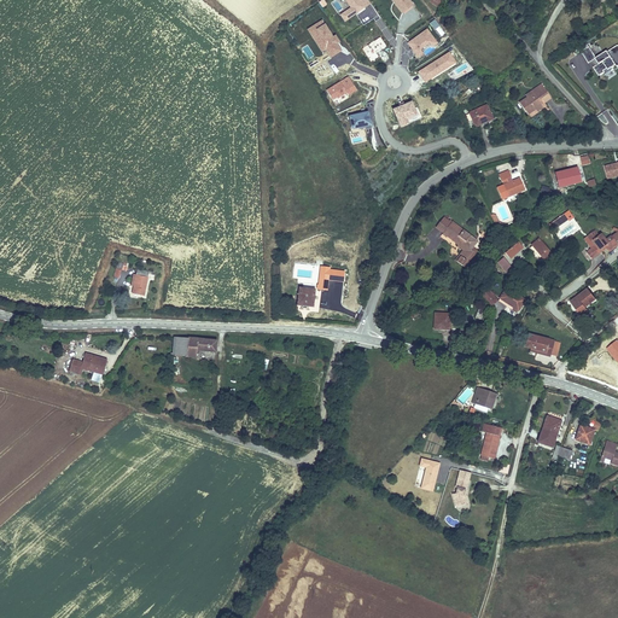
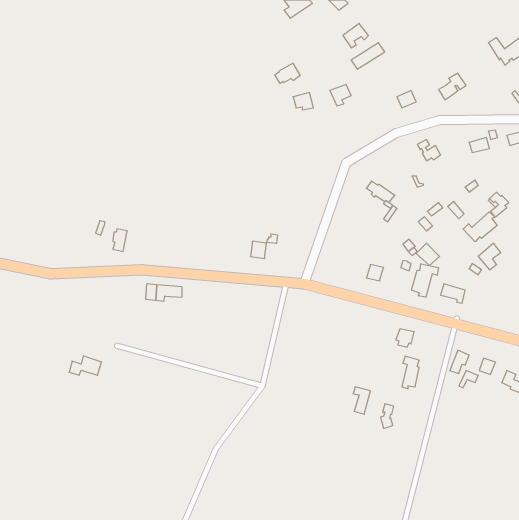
building: [308,19,342,57] -> none
building: none -> [463,212,497,242]
building: none -> [412,264,439,297]
building: [70,352,109,375] -> [69,356,102,375]

